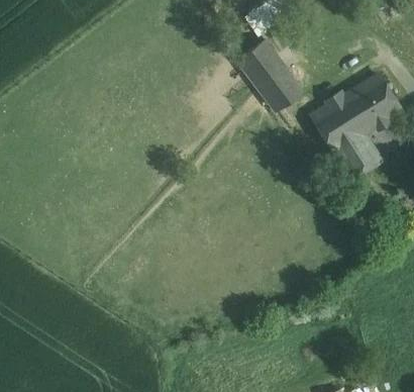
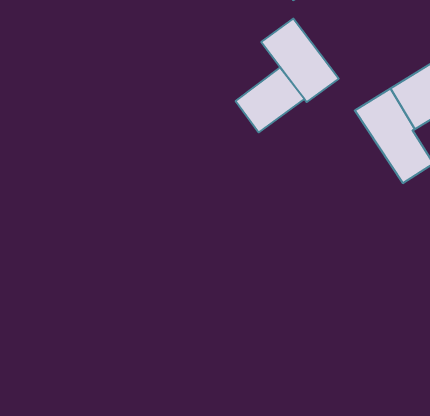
building: none -> [236,67,304,132]

